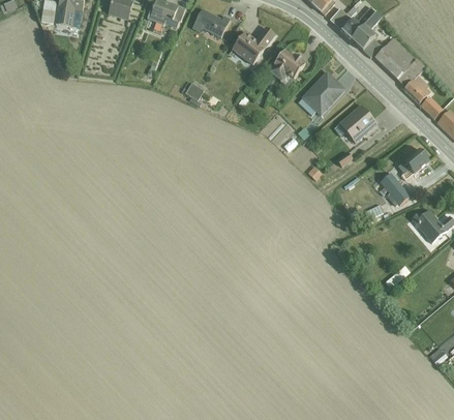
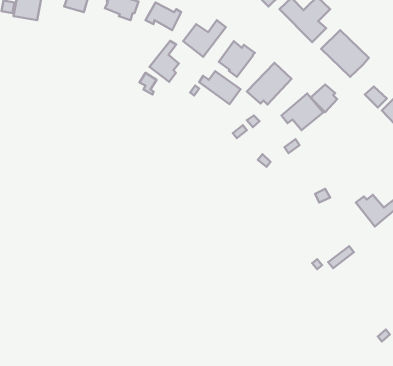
building: none -> [150,41,179,82]
building: [403,73,430,102] -> [311,84,337,112]
building: none -> [199,71,240,104]
building: [397,148,428,177] -> none
building: [380,172,410,204] -> none

